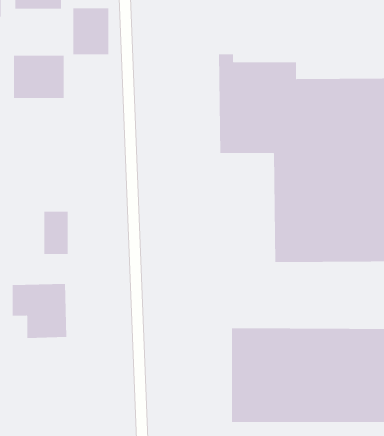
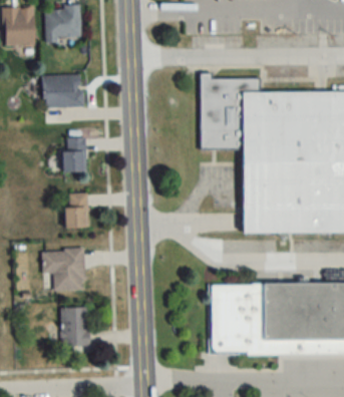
building: [73,7,109,55] -> none
building: none -> [63,138,86,171]
building: none -> [62,308,89,347]

